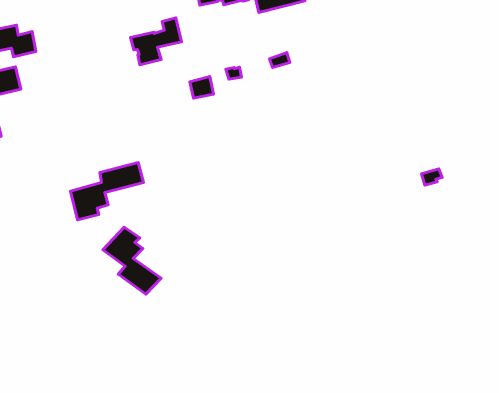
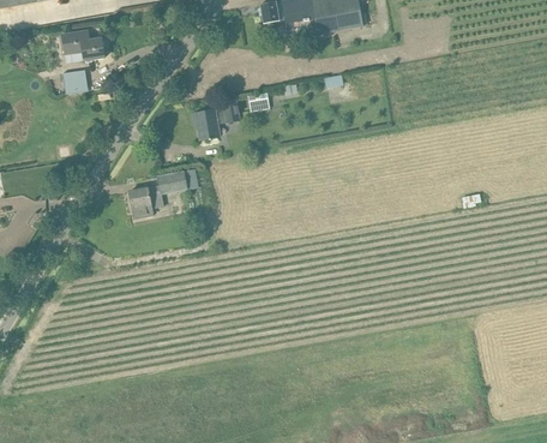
building: [130,18,181,65] -> [191,97,239,139]
building: [103,227,161,294] -> none

